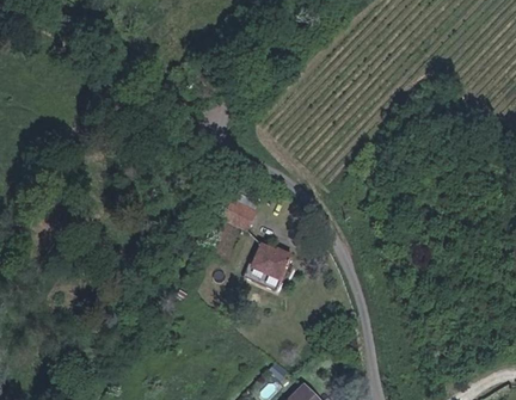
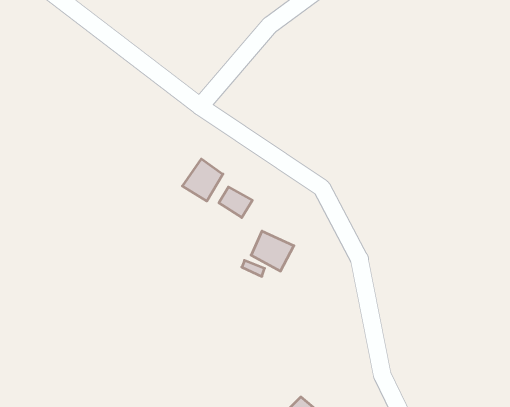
building: none -> [182,159,223,201]

